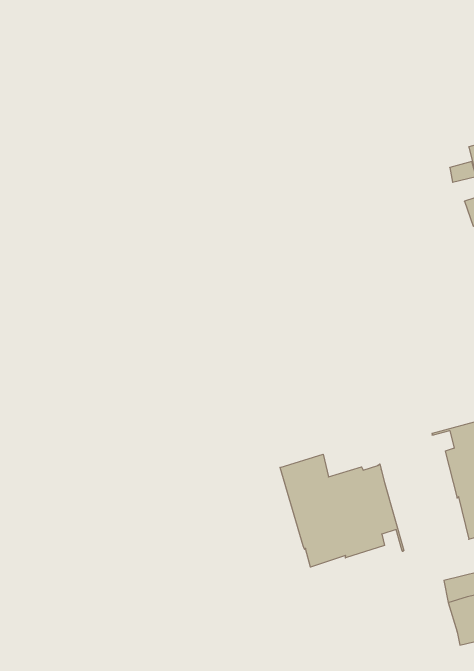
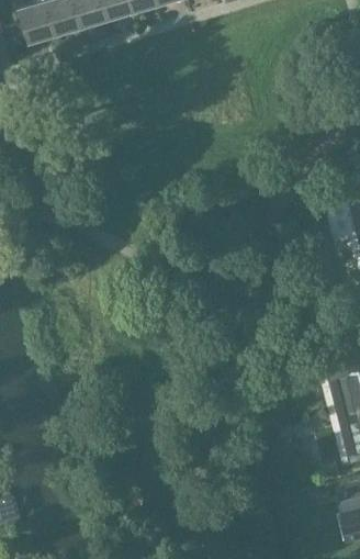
building: [280,454,404,567] -> none

